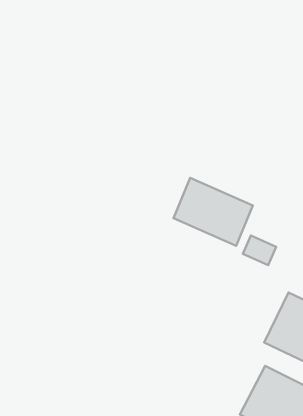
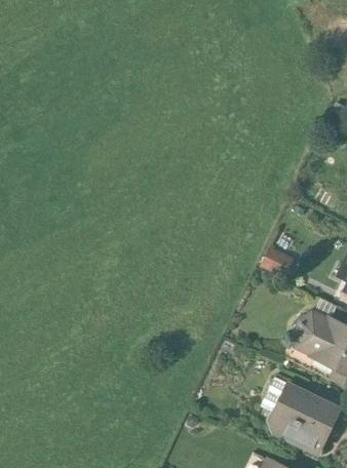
building: [174,178,253,246] -> none

